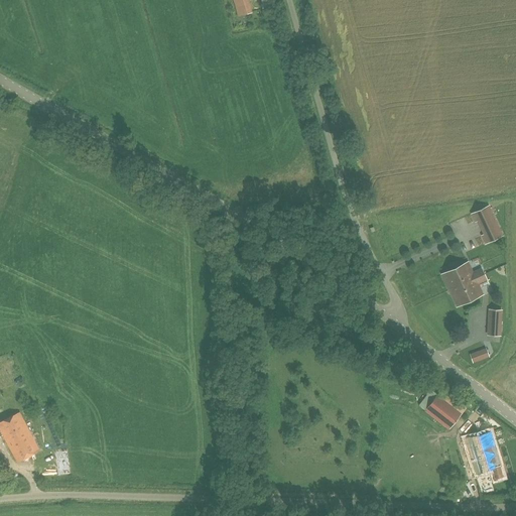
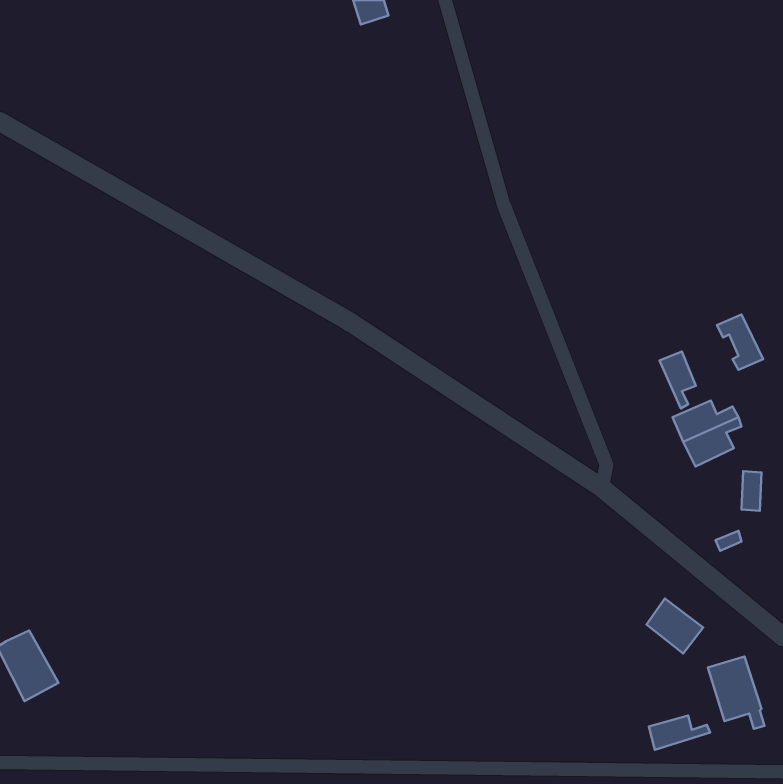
building: none -> [659,352,696,408]
building: none -> [649,716,710,750]

